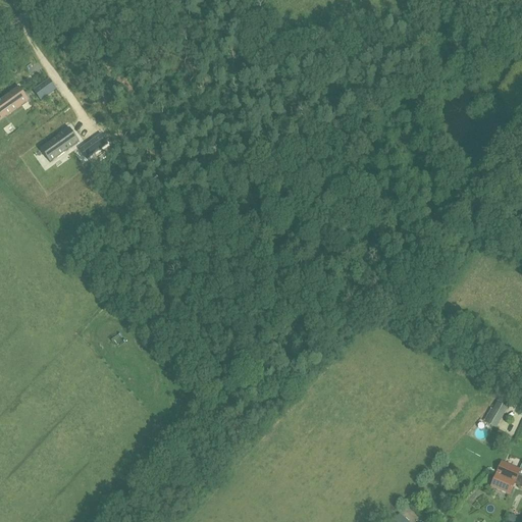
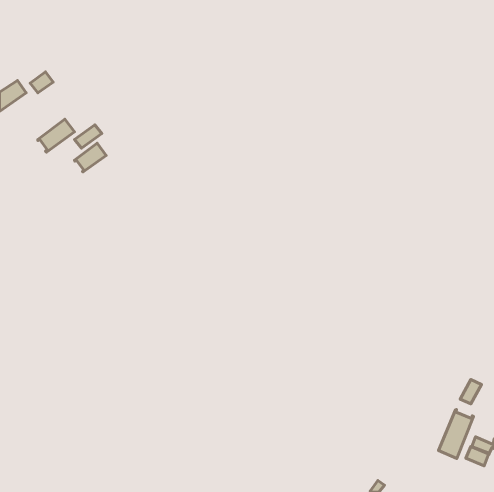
building: none -> [74,143,106,172]
building: none -> [438,410,474,458]

